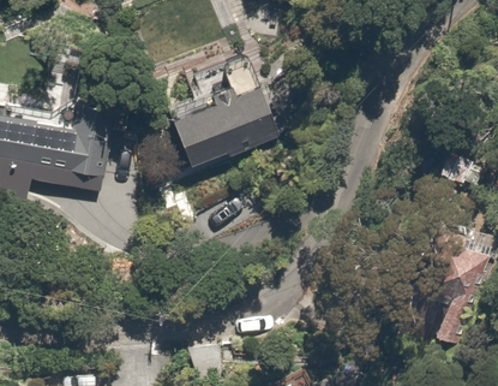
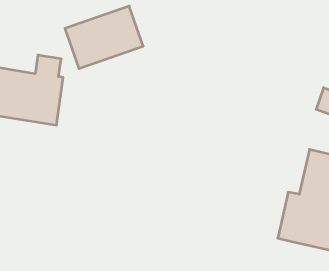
building: [173,85,274,166] -> [65,6,143,69]

